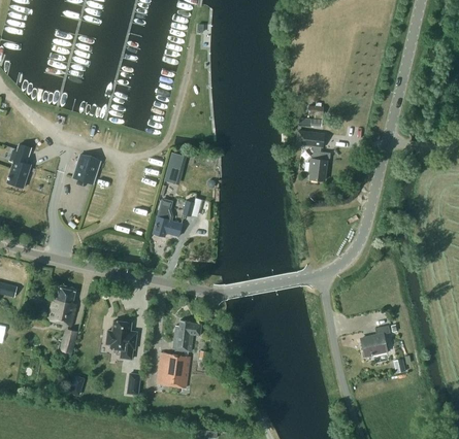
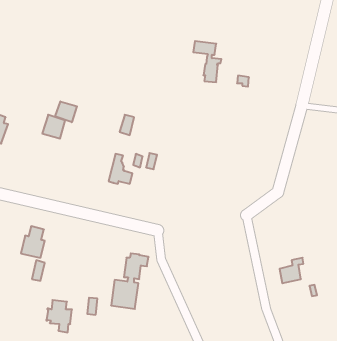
building: [297,130,331,179] -> [193,41,221,82]
building: none -> [55,101,77,122]
building: [106,319,137,359] -> [46,300,72,332]

